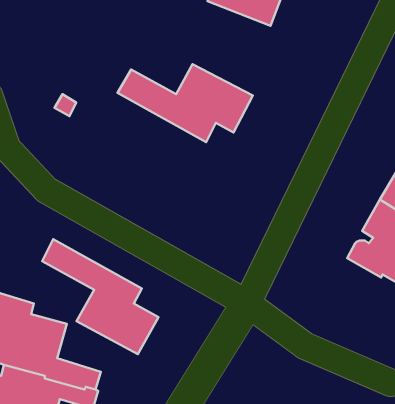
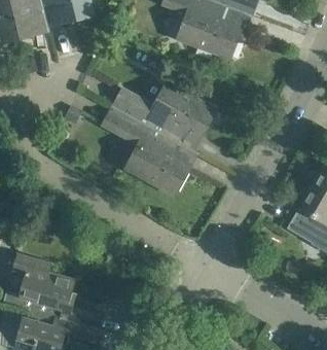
building: [42,239,158,354] -> [103,106,190,192]

